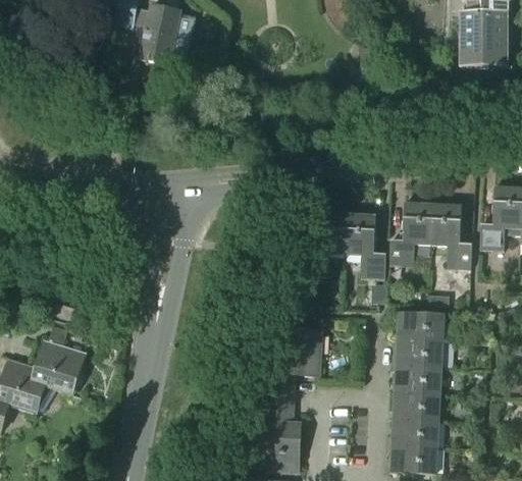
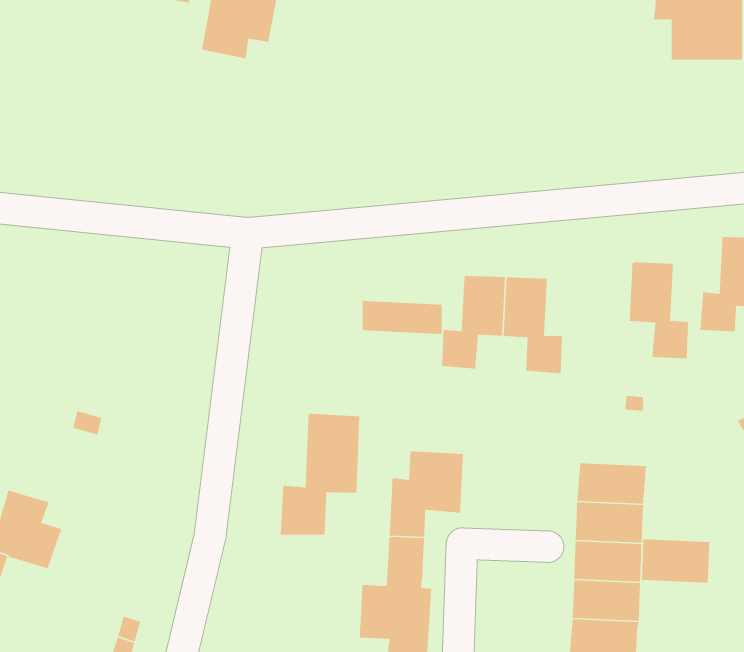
building: [389,201,433,266] -> none
building: none -> [362,300,443,335]
building: none -> [280,413,360,536]
building: [398,311,445,341] -> [641,539,710,584]
building: [33,338,86,393] -> none

